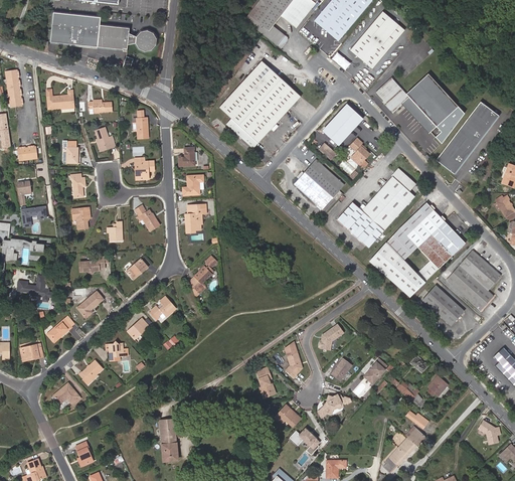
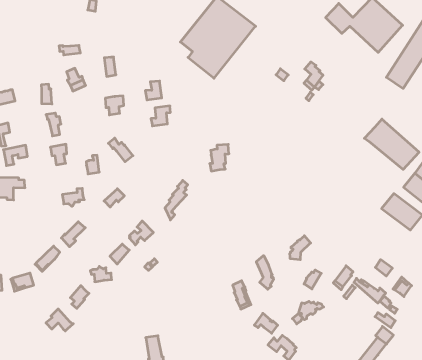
building: [46,89,74,109] -> none
building: [322,102,364,145] -> none
building: [294,159,344,208] -> none
building: [337,168,414,247] -> none
building: [369,201,448,296] -> none
building: [185,203,206,230] -> [210,144,229,171]
building: [18,274,48,300] -> none

